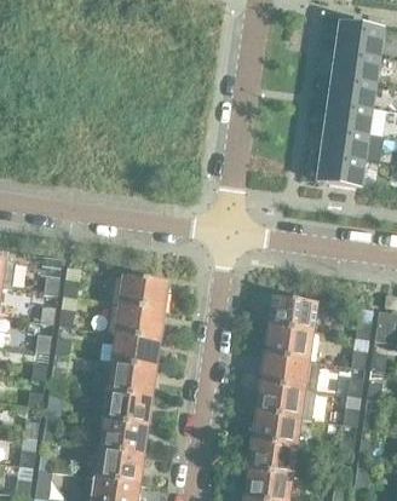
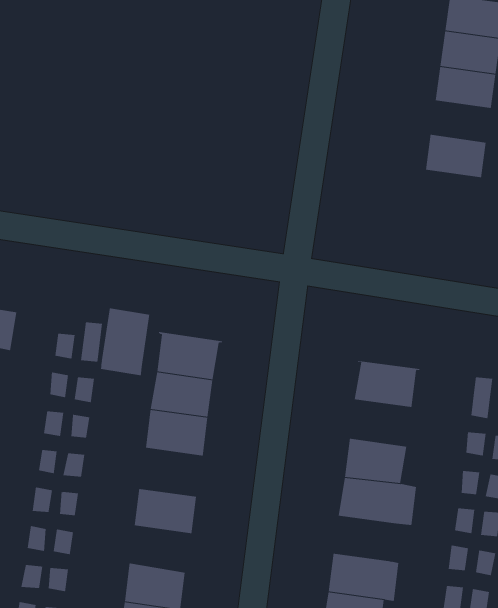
building: [326,100,372,132] -> none
building: [317,152,364,185] -> none
building: none -> [101,308,150,376]
building: [265,324,312,359] -> none
building: [108,361,156,397] -> none
building: [253,411,300,445] -> none
building: [100,419,148,454] -> none

